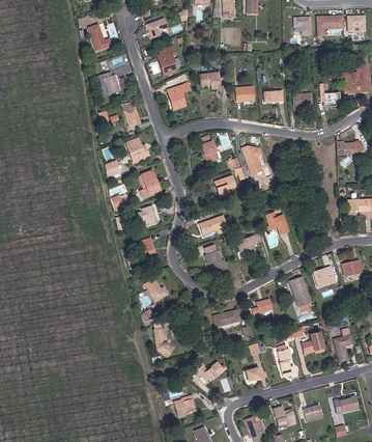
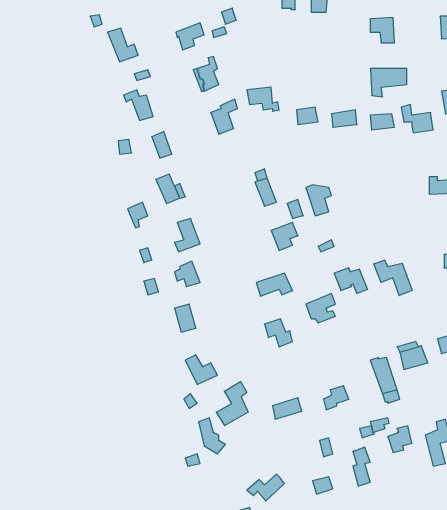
building: [314,15,342,36] -> [370,69,407,97]
building: none -> [374,260,412,296]
building: none -> [216,382,248,426]

